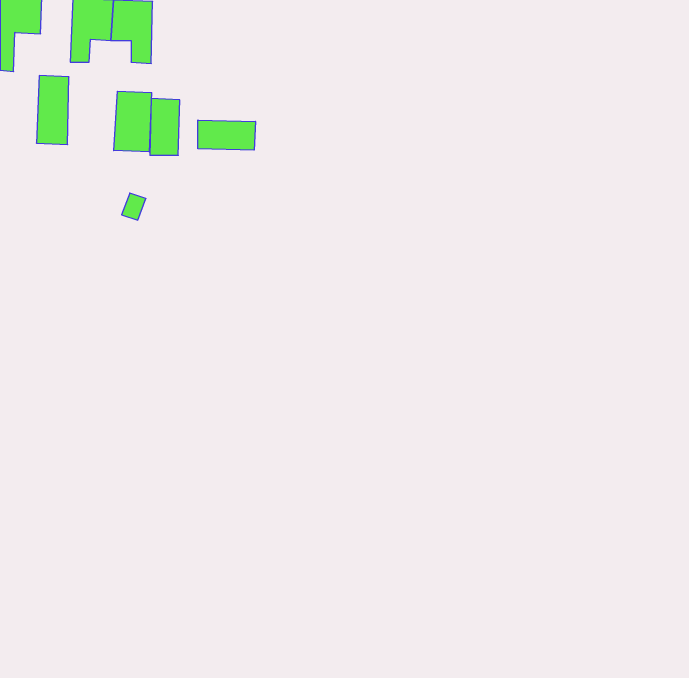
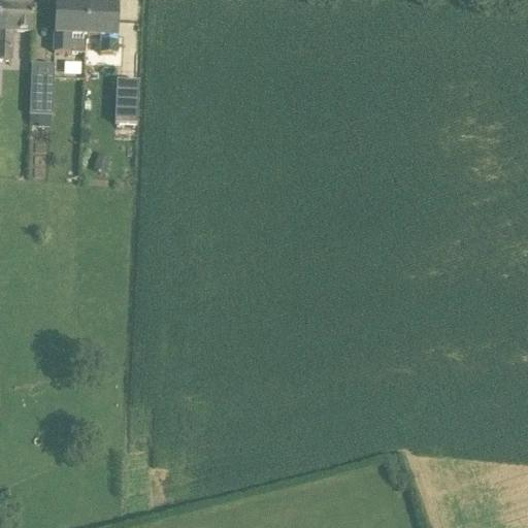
building: [114,91,152,152] -> none
building: [198,120,255,150] -> none

